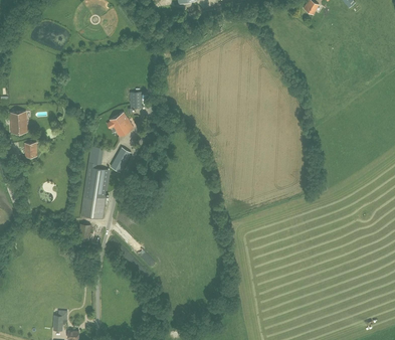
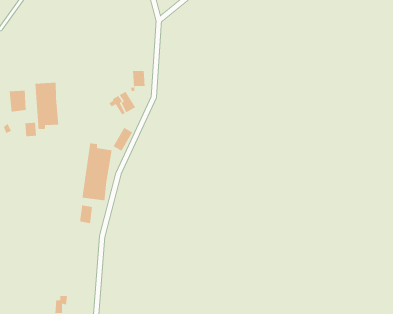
building: none -> [35,82,59,130]

